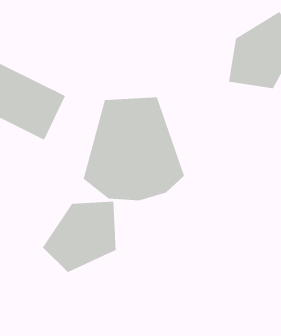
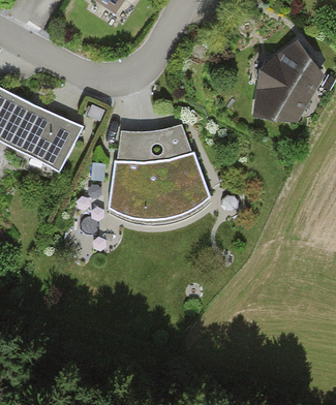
building: [42,201,116,273] -> none

